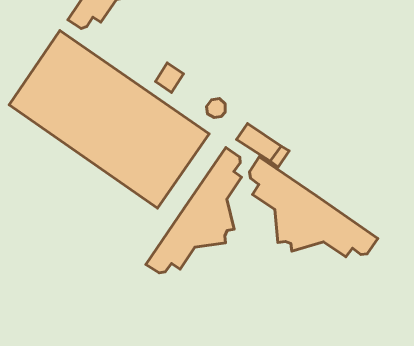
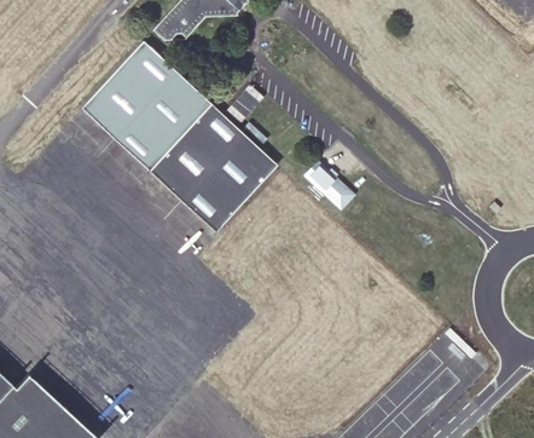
building: [146,147,242,273] -> none
building: [250,157,378,257] -> none

